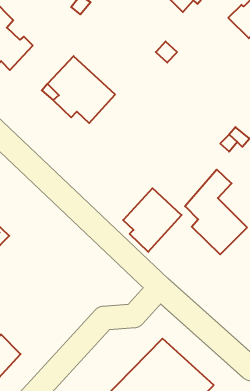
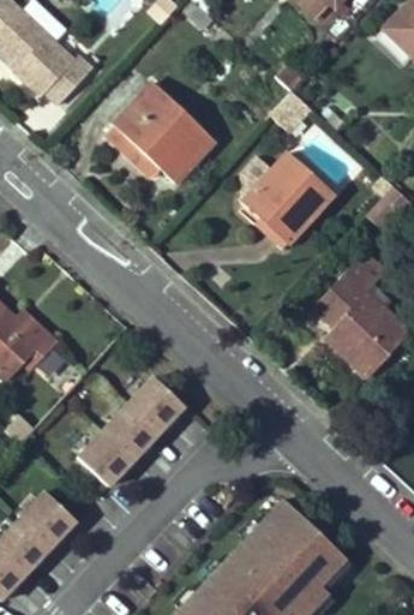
building: [123,188,182,252] -> [245,155,331,249]
building: none -> [78,381,181,485]

